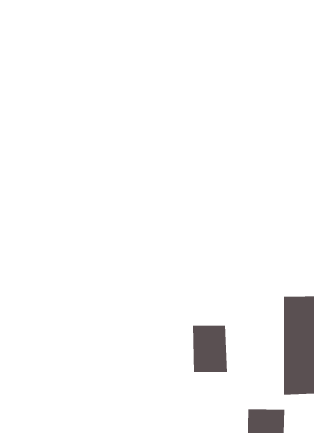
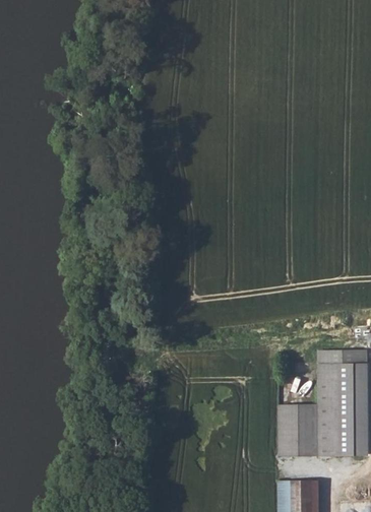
building: [192,325,228,373] -> [276,404,316,457]

